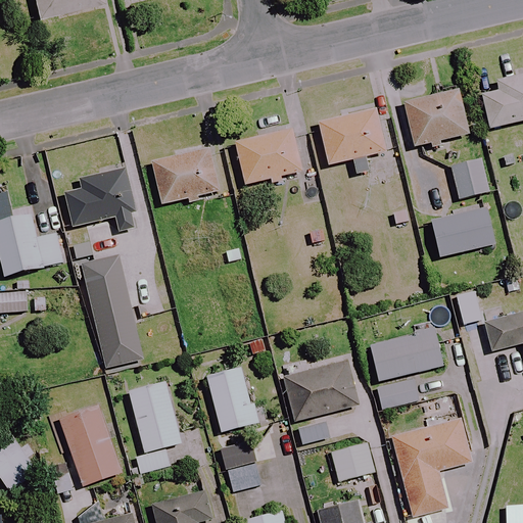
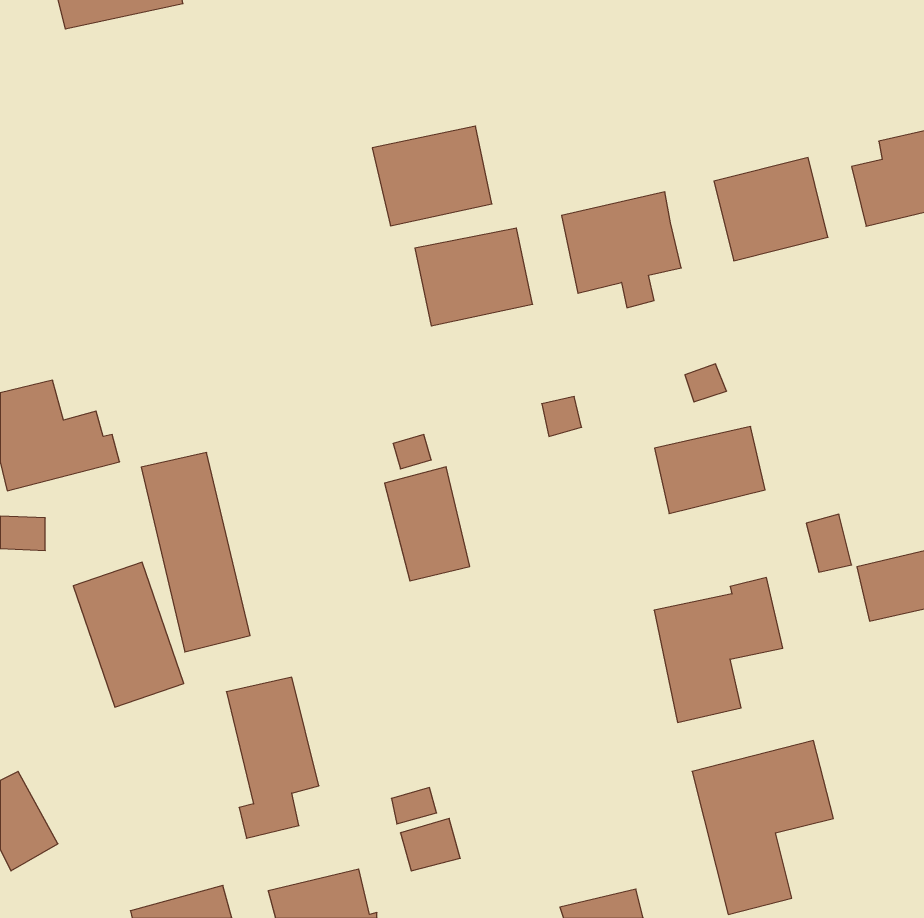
building: [151,148,219,204] -> [372,126,492,226]
building: [449,158,490,198] -> none
building: [65,169,138,233] -> none
building: [431,208,493,257] -> [655,427,765,514]
building: [283,360,358,444] -> none
building: [206,367,254,431] -> [385,467,470,581]
building: [59,403,122,485] -> [73,562,184,707]
building: [330,441,373,481] -> none

